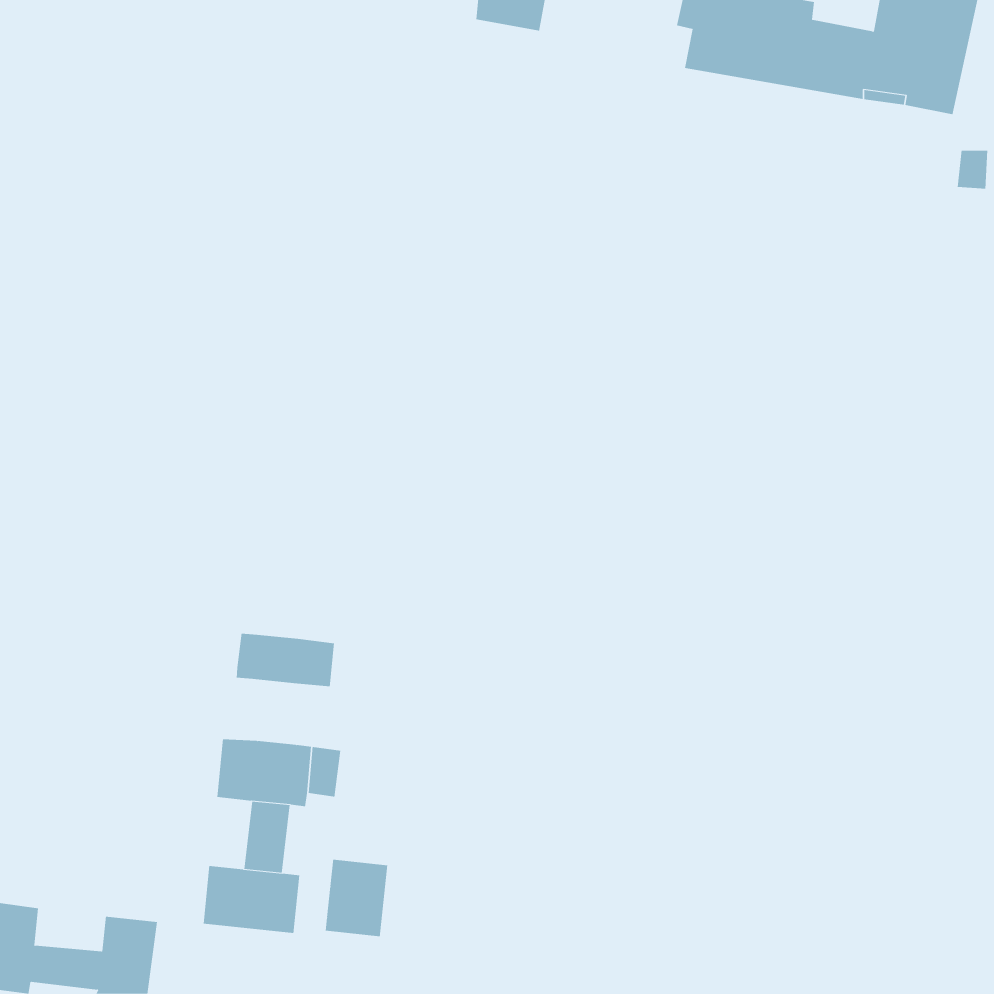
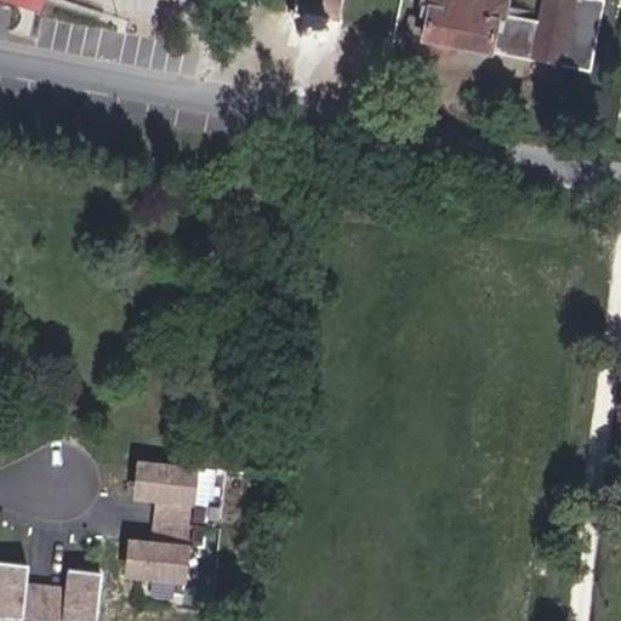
building: [236,633,335,687] -> none
building: [325,859,388,937] -> none

